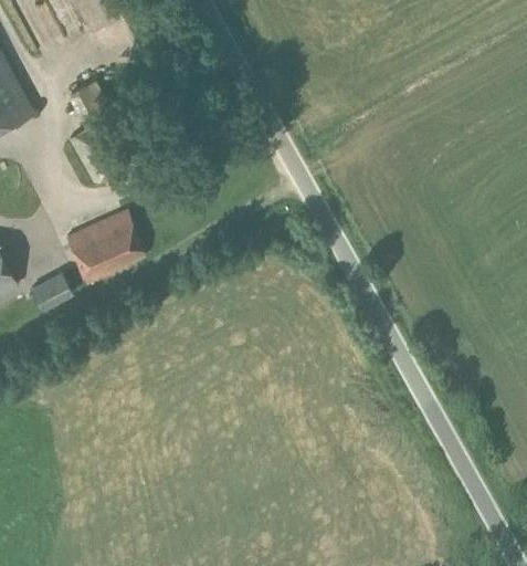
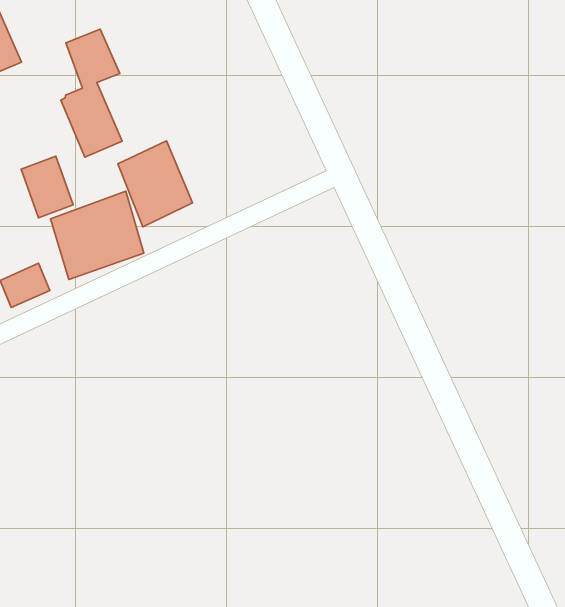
building: none -> [118,141,192,227]
building: none -> [21,156,73,218]

